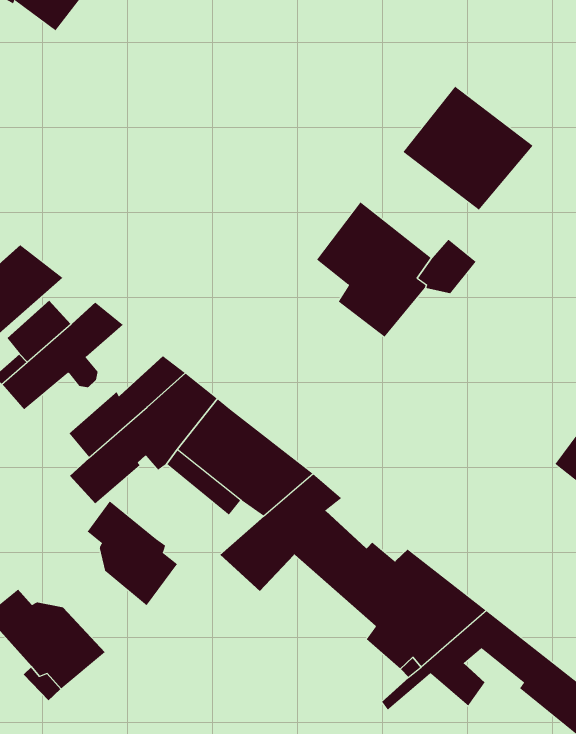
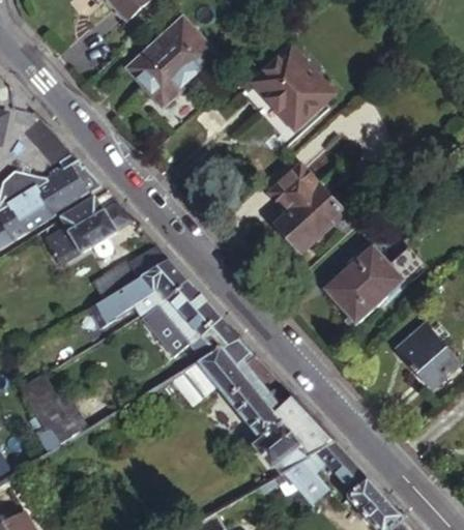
building: none -> [126,21,214,107]
building: [402,86,533,211] -> [248,49,331,130]
building: none -> [320,248,401,331]
building: [87,501,178,606] -> none

